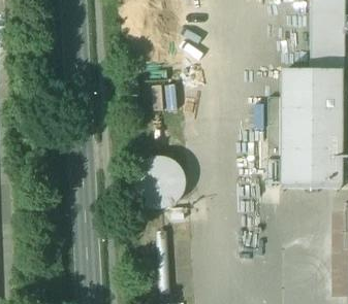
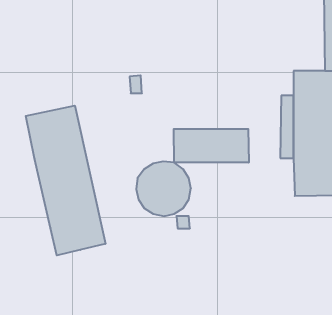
building: none -> [26,106,105,255]
building: none -> [174,129,249,163]

